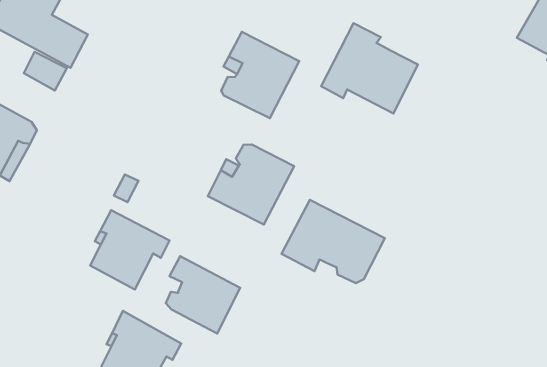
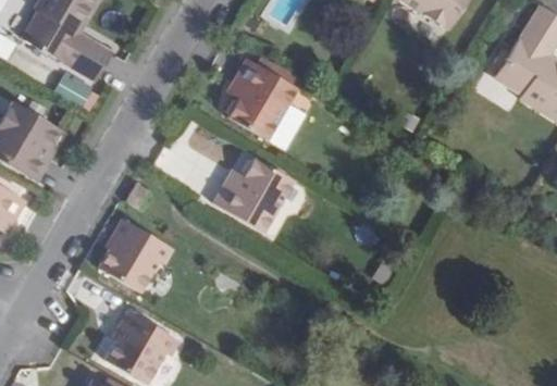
building: [321,23,418,114] -> none
building: [281,200,385,283] -> none
building: [166,256,240,333] -> none

